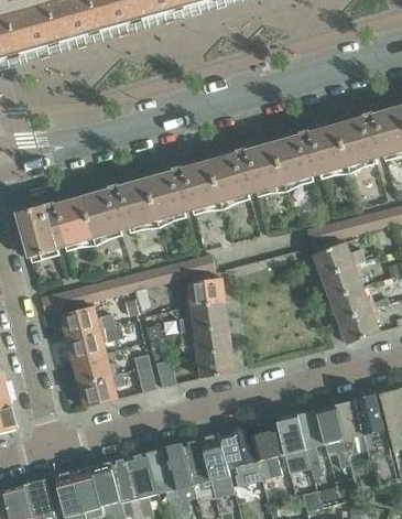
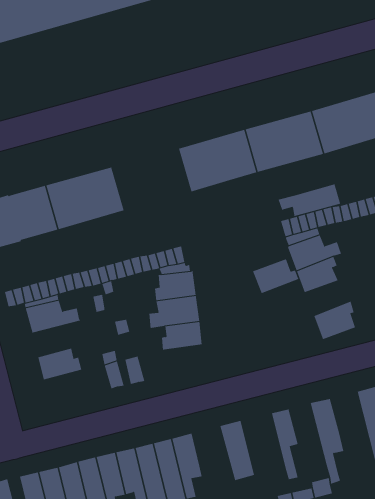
building: [143,160,219,219] -> none
building: none -> [278,183,341,217]
building: [328,286,373,321] -> [252,258,299,294]
building: [66,323,121,360] -> none
building: [192,348,233,377] -> none
building: [77,371,124,407] -> none
building: [354,394,382,433] -> none
building: [314,404,349,466] -> none
building: [275,414,309,473] -> none
building: [220,426,261,485] -> none

